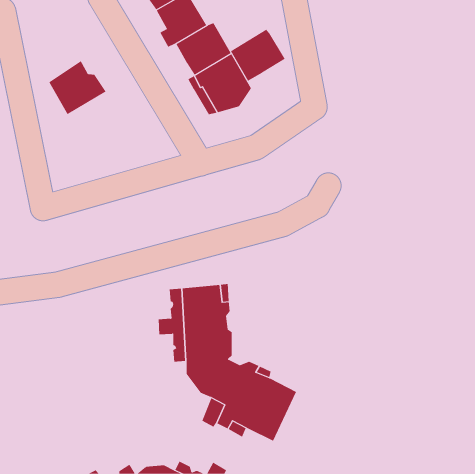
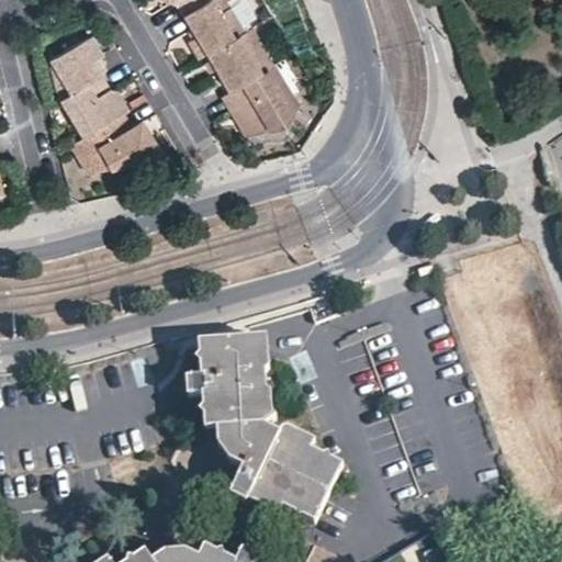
building: none -> [47,32,97,97]
building: [230,29,285,81] -> none
building: none -> [69,108,155,173]

